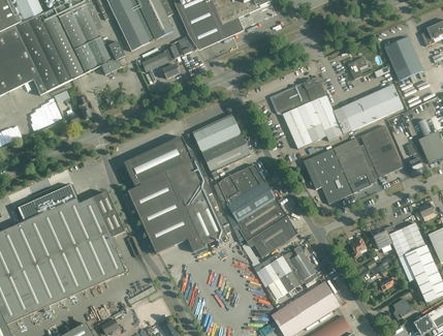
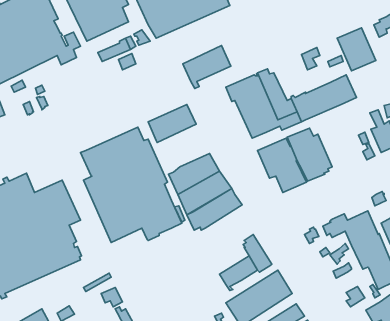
building: [360,124,403,177] -> none
building: [202,133,251,177] -> [183,46,231,89]
building: [251,215,298,256] -> none
building: [254,251,295,285] -> none

